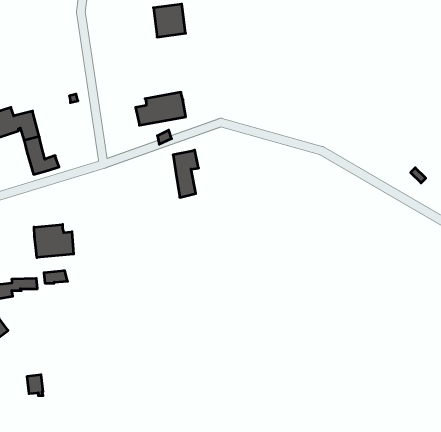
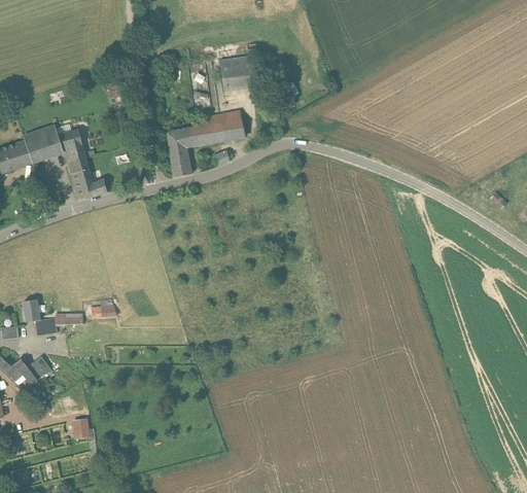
building: [153,4,186,37] -> [220,54,255,90]
building: [173,150,199,197] -> [166,127,194,178]
building: [34,224,74,258] -> none

